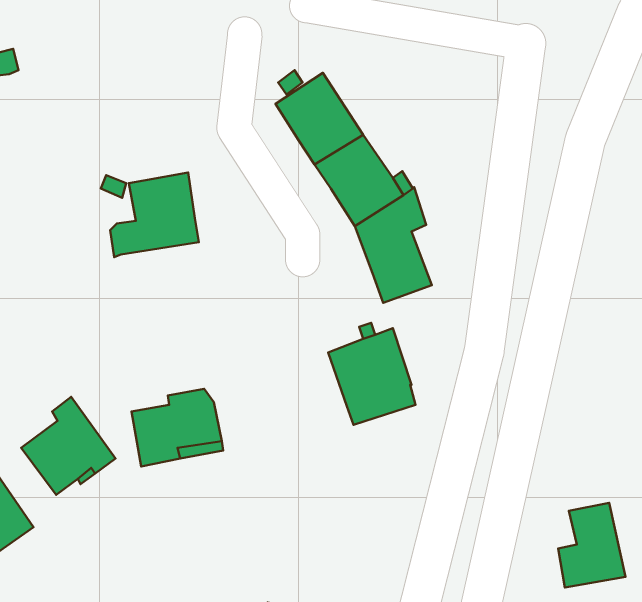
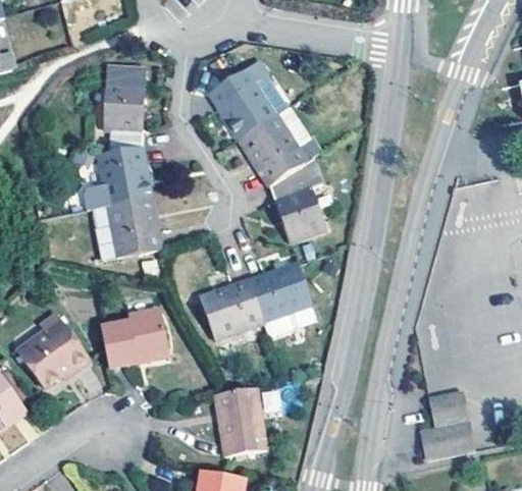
building: none -> [103,64,146,150]
building: none -> [92,197,160,258]
building: none -> [199,280,263,339]
building: none -> [213,386,266,455]

